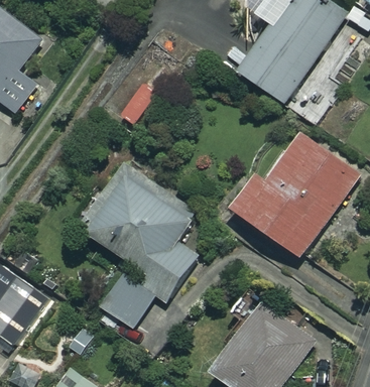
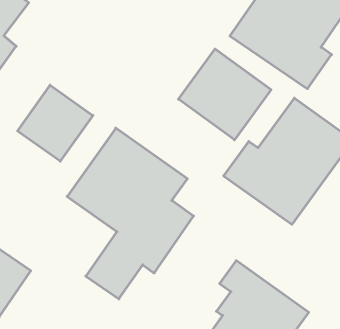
building: none -> [178,49,271,140]
building: none -> [18,85,93,161]

